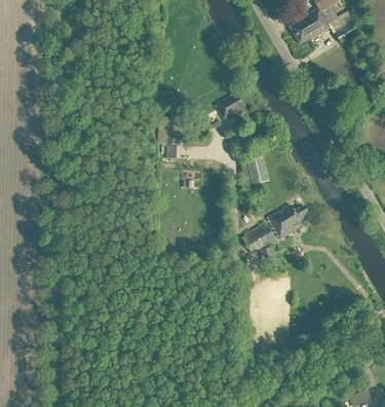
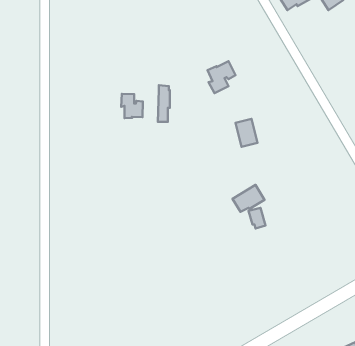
building: none -> [121,94,143,118]
building: [267,203,308,238] -> none

